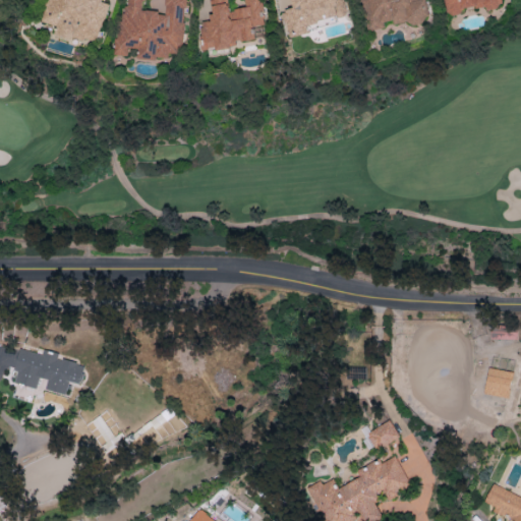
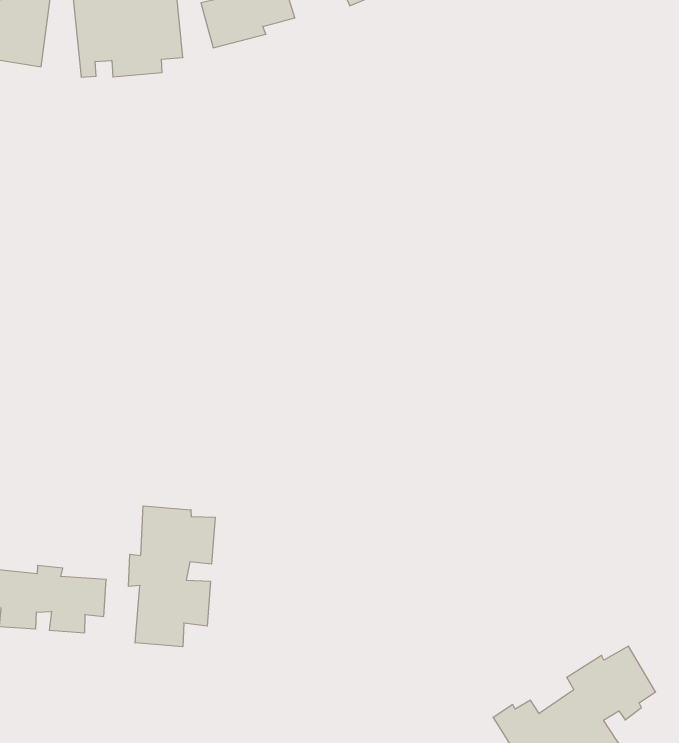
building: none -> [129,506,215,647]
building: [366,420,399,449] -> none

